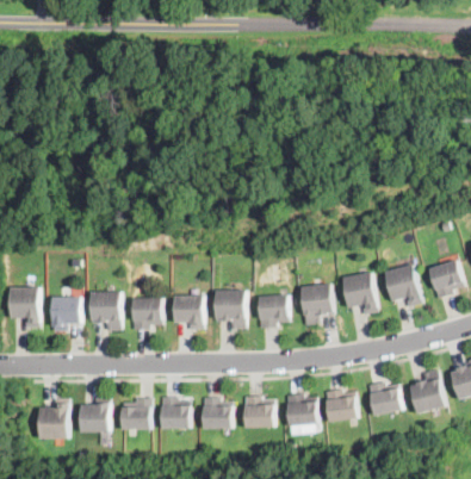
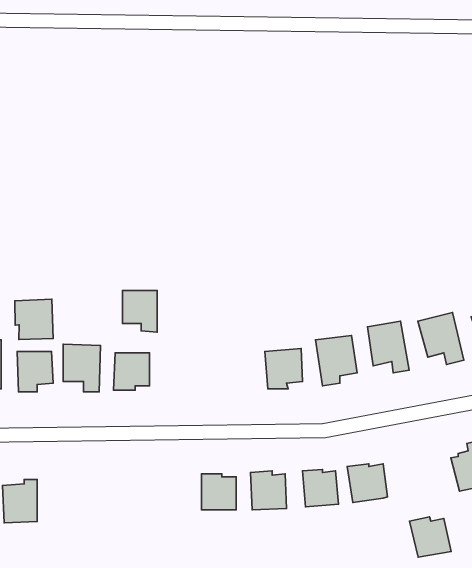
building: none -> [15,299,53,340]
building: [215,290,243,329] -> none
building: [173,296,202,330] -> [122,291,157,332]
building: [368,381,403,415] -> [409,517,451,557]
building: [161,397,191,429] -> none
building: [80,398,110,431] -> none
building: [119,398,150,428] -> none

